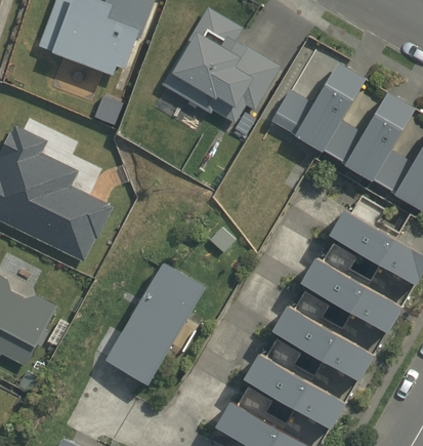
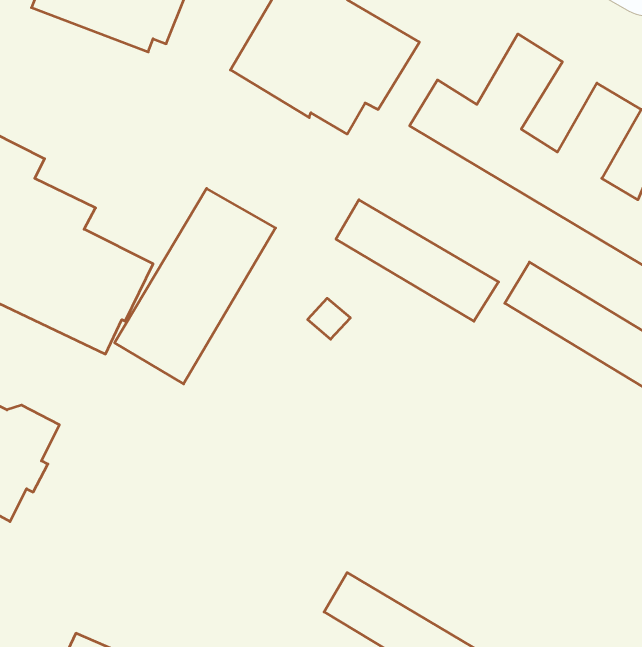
building: [304,254,406,330] -> [336,200,499,321]
building: [108,261,208,383] -> [115,188,276,384]
building: [276,302,376,379] -> none
building: [248,350,348,428] -> none

